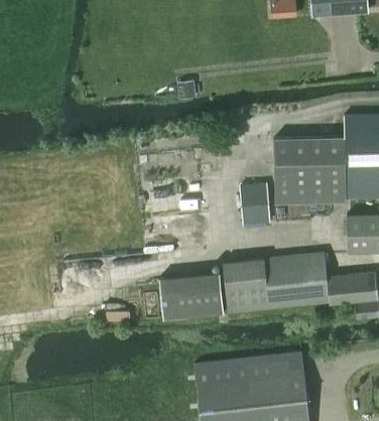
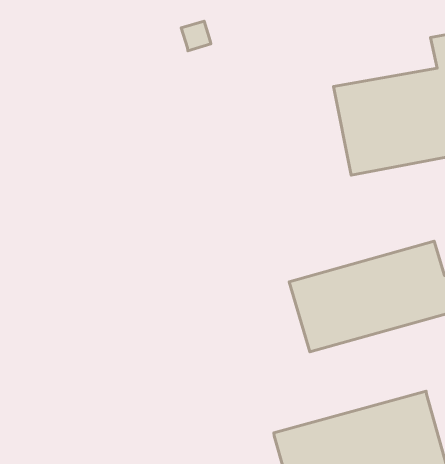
building: [240,184,270,224] -> none
building: [159,271,224,318] -> none

